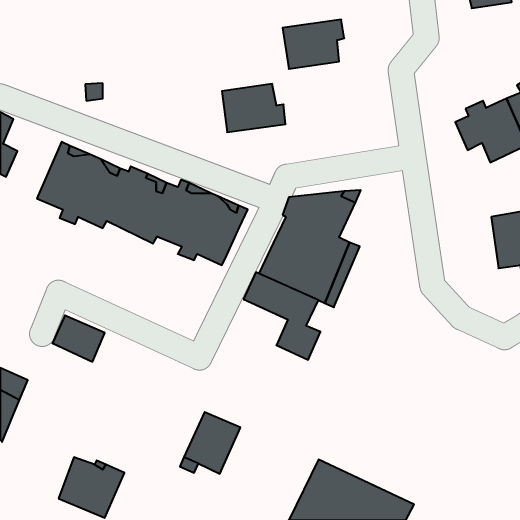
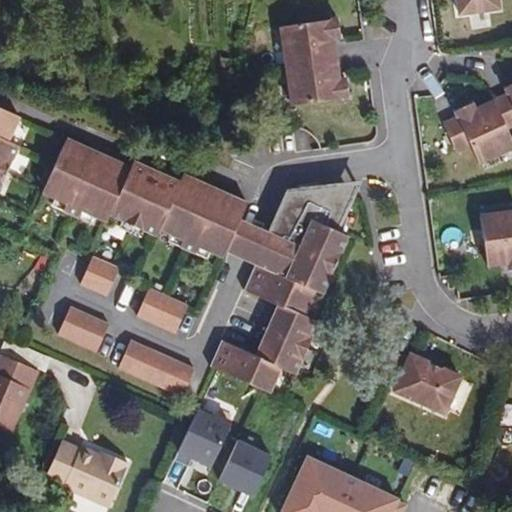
building: [222,84,286,132] -> [286,60,348,107]
building: none -> [224,221,271,266]
building: none -> [79,256,117,296]
building: none -> [134,289,186,333]
building: none -> [207,336,305,394]
building: none -> [116,341,192,397]
building: none -> [384,348,463,409]
building: none -> [225,433,274,488]

